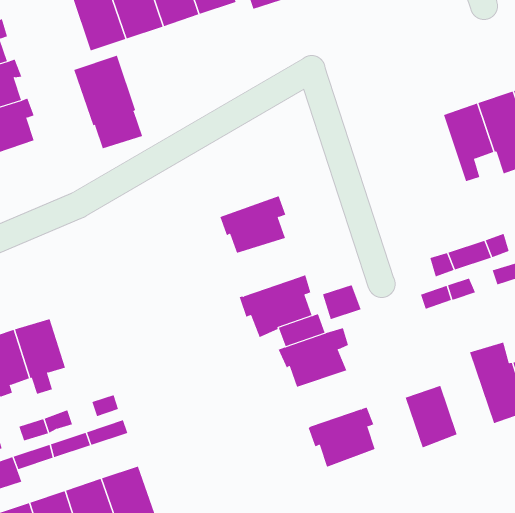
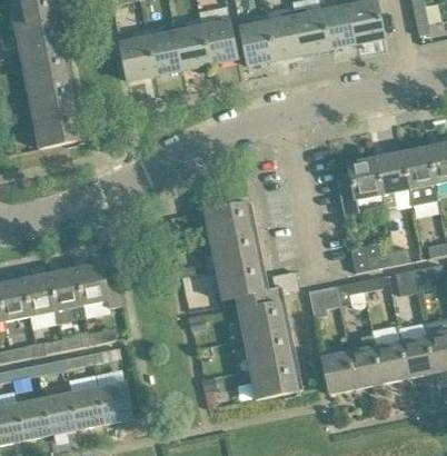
building: [74,55,143,149] -> none
building: none -> [336,157,384,215]
building: none -> [211,230,258,269]
building: none -> [308,285,340,317]
building: none -> [74,262,122,307]
building: none -> [348,329,383,387]
building: none -> [242,330,290,368]

